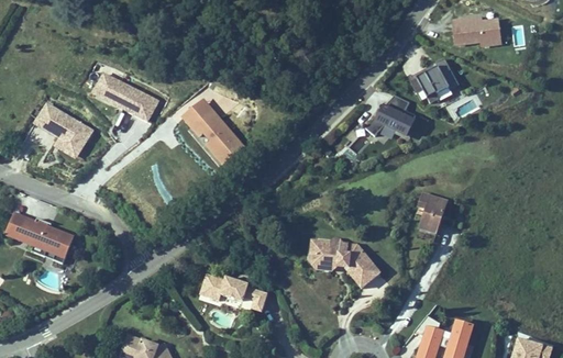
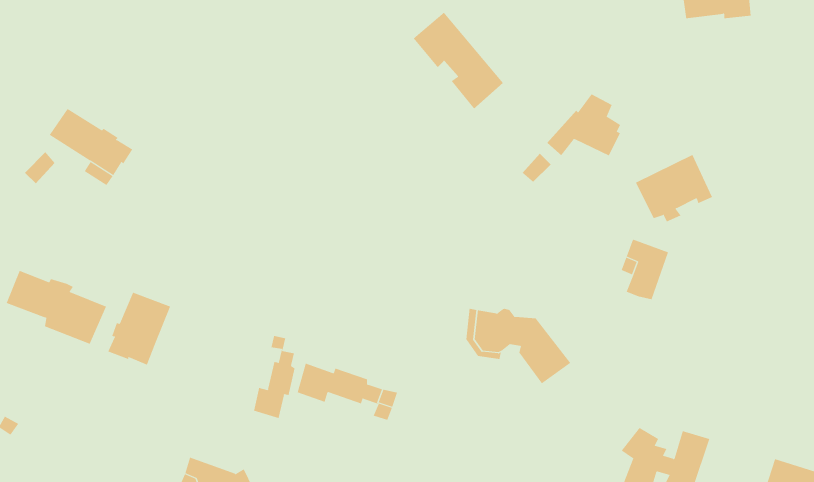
building: [409,59,461,104] -> [635,154,713,222]
building: [92,74,158,121] -> none
building: [181,97,242,161] -> [413,12,504,109]
building: none -> [108,292,171,365]
building: none -> [253,335,295,419]

